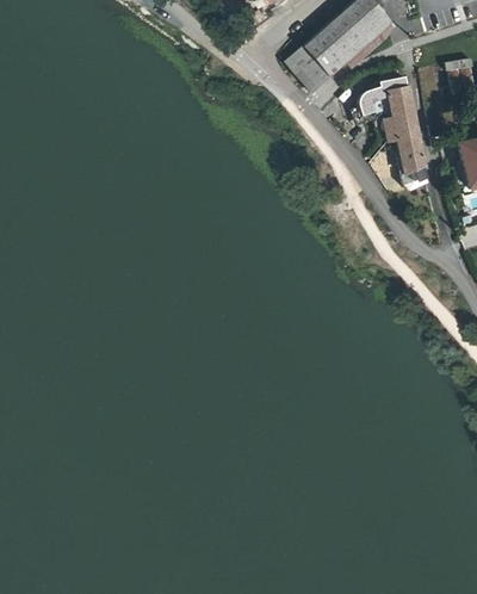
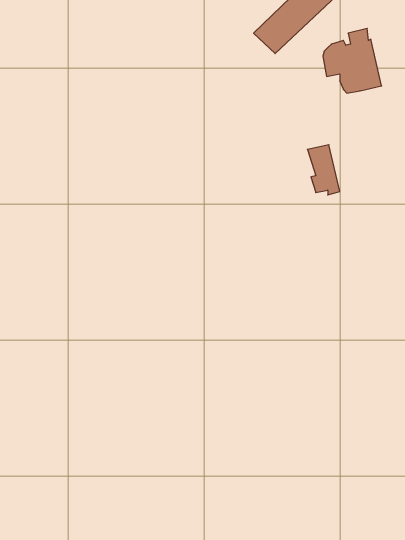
building: [396,126,428,177] -> [307,145,340,195]

